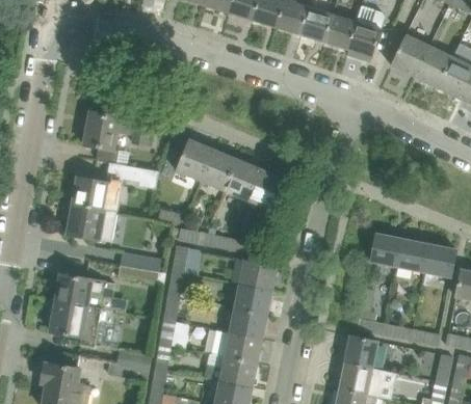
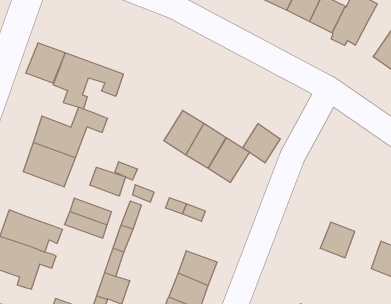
building: none -> [26,43,65,83]
building: [175,138,213,181] -> none
building: none -> [243,124,280,163]
building: none -> [90,167,126,196]
building: [395,239,427,272] -> none
building: [239,260,277,291] -> none

